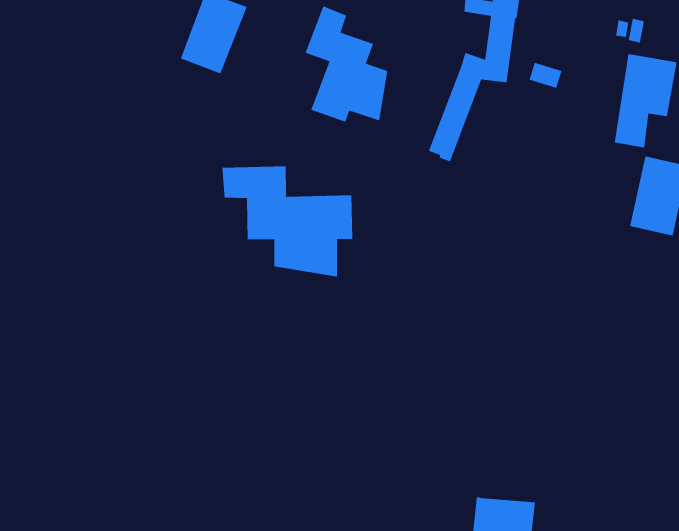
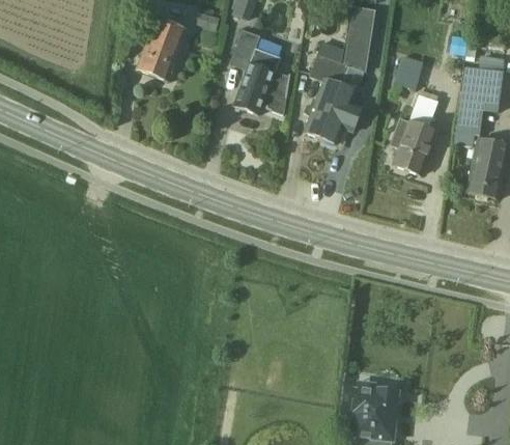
building: none -> [304,40,346,140]
building: none -> [393,93,440,175]
building: [221,166,353,277] -> none

